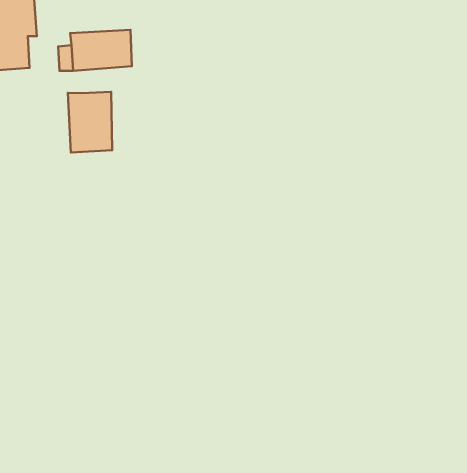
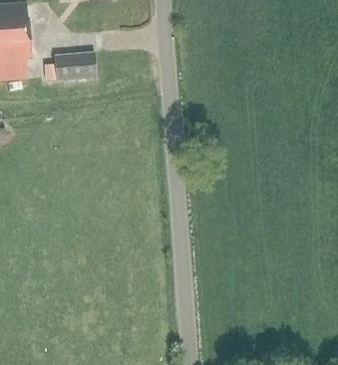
building: [68,92,112,153] -> none

